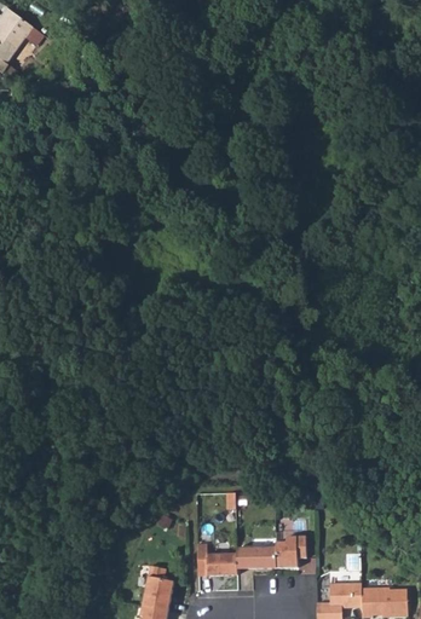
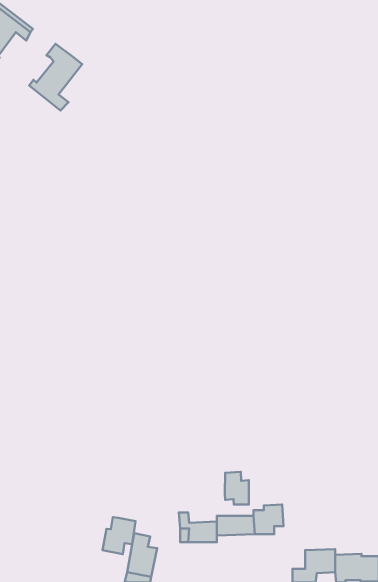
building: none -> [29,44,82,110]
building: none -> [225,472,249,505]
building: none -> [102,517,135,554]

